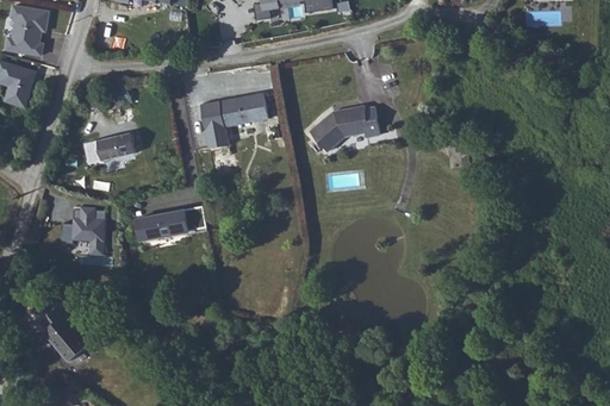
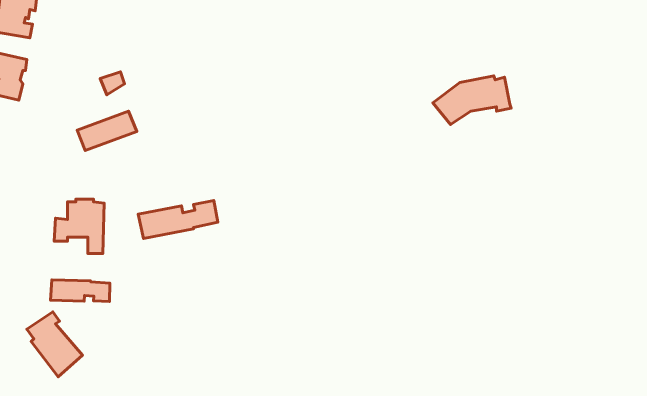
building: [199,92,267,144] -> none
building: [309,108,378,151] -> [433,76,511,125]
building: none -> [50,280,110,301]

